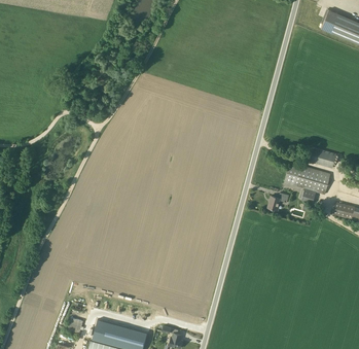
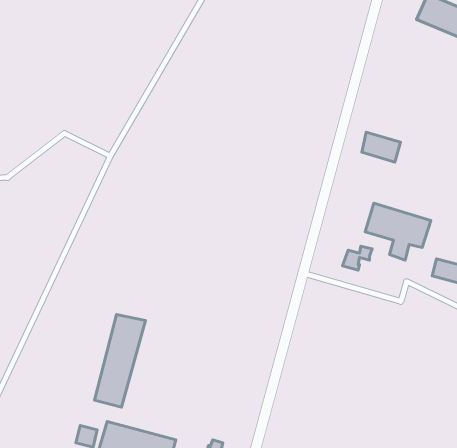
building: [309,147,336,169] -> [362,132,400,162]
building: none -> [95,314,145,407]

